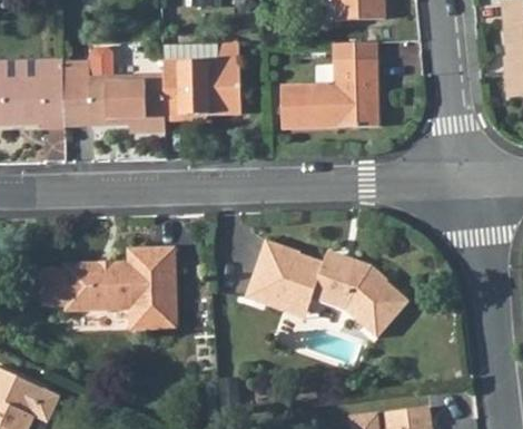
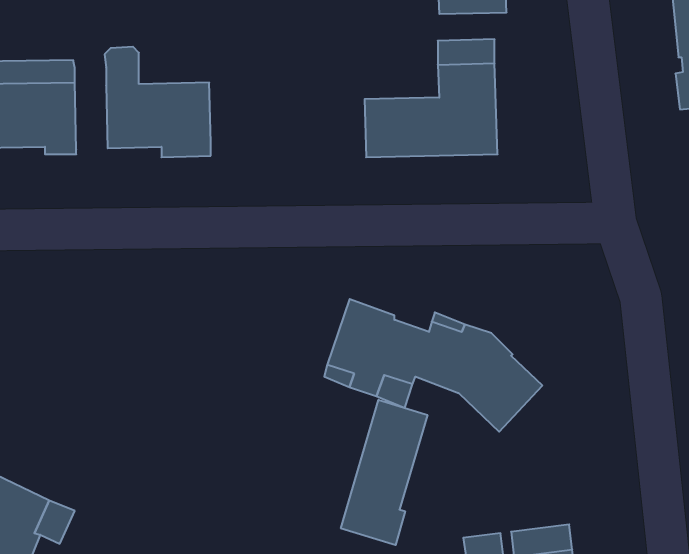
building: [160,42,238,120] -> none
building: [61,65,86,126] -> none
building: [46,246,178,328] -> none
building: none -> [341,400,427,545]

